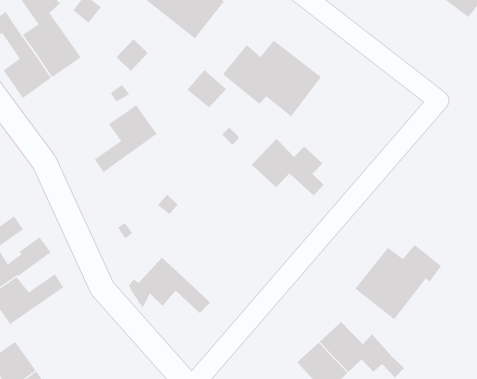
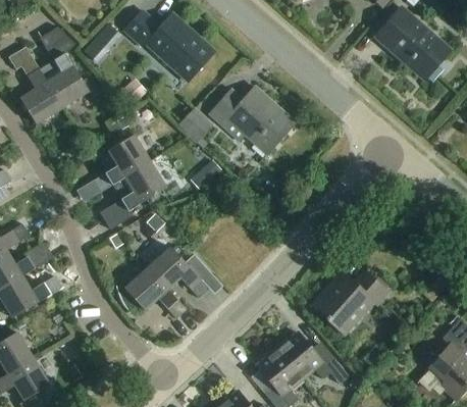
building: none -> [99,161,166,230]
building: [251,138,324,196] -> [147,246,209,298]

